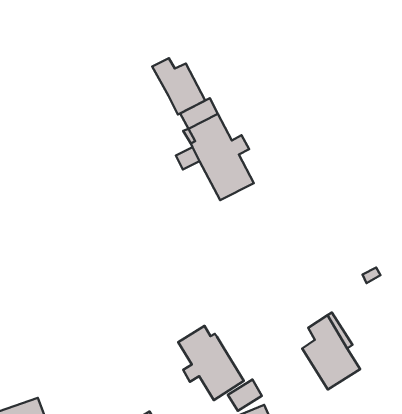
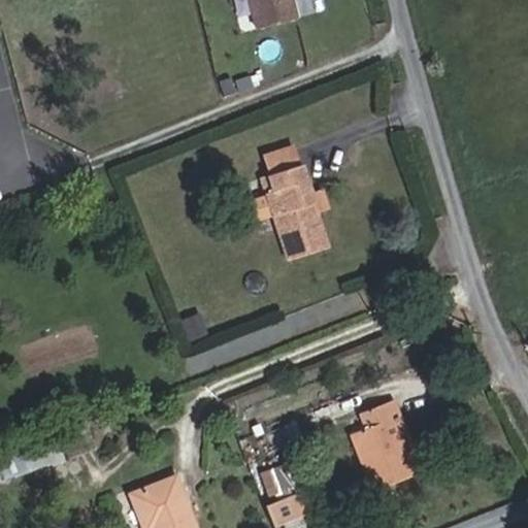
building: [152,58,205,114] -> none
building: [178,326,244,400] -> none

